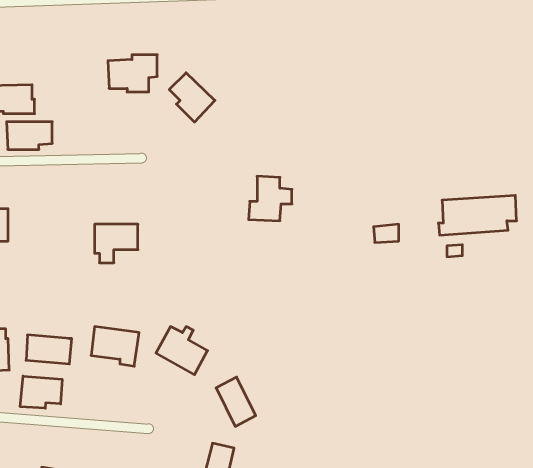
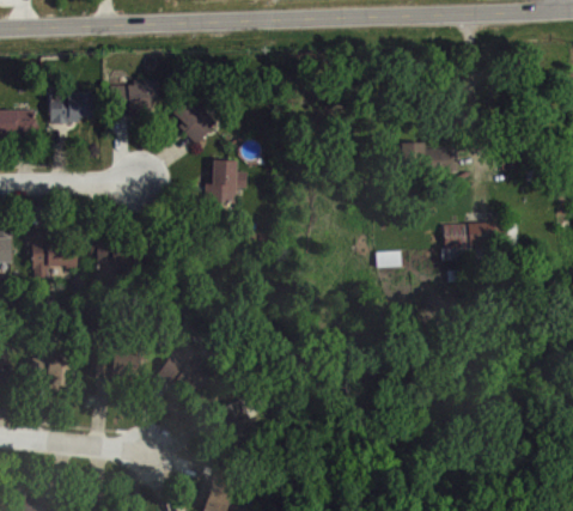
building: none -> [403,141,455,170]
building: [7,122,52,149] -> [48,95,93,122]
building: [249,176,292,221] -> [203,162,246,206]
building: none -> [31,235,78,280]
building: [20,376,62,408] -> none

